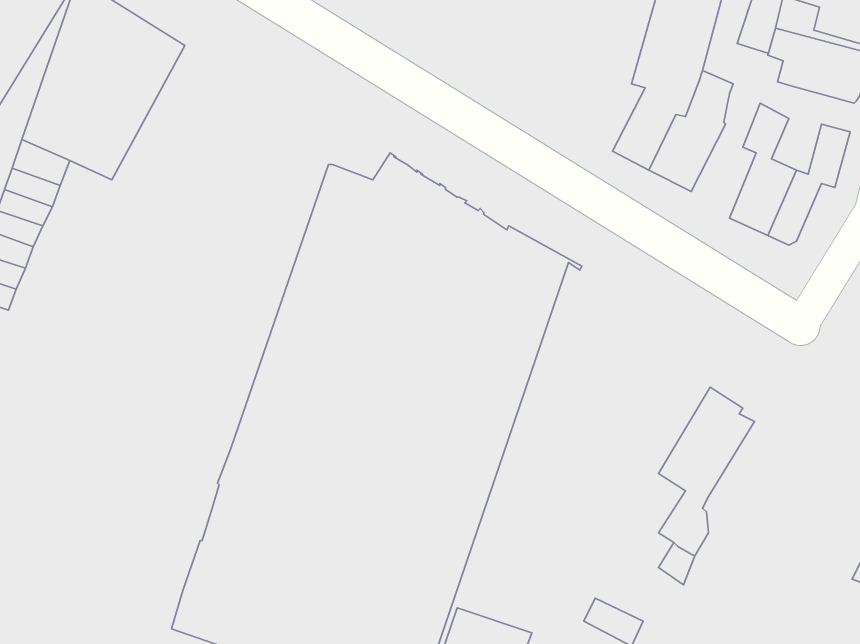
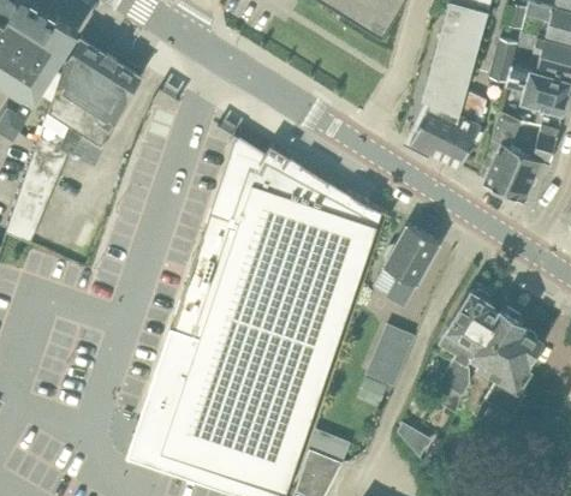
building: none -> [383,225,440,307]
building: none -> [470,309,541,416]
building: none -> [367,325,414,386]

